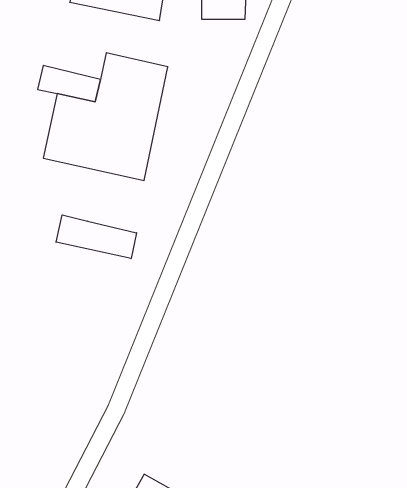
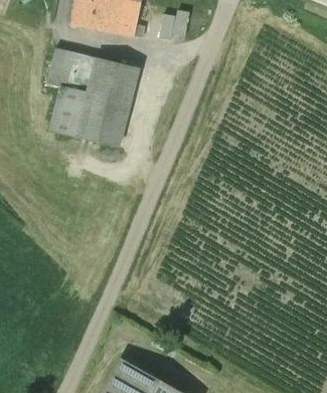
building: none -> [49,48,95,77]
building: [56,215,137,259] -> none

